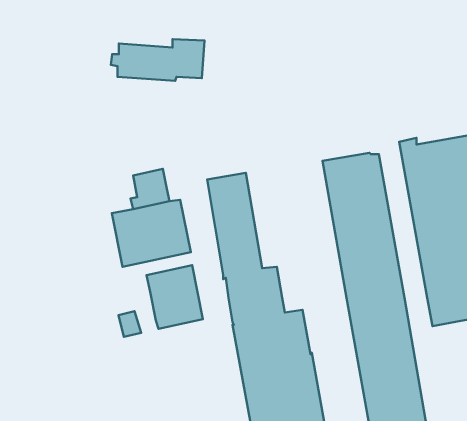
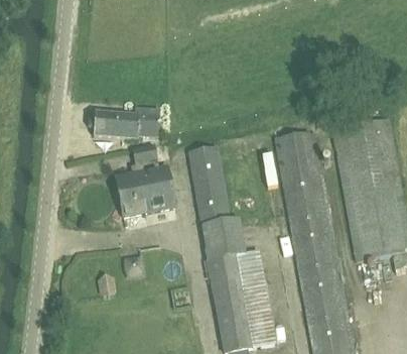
building: [111,39,205,81] -> [89,106,159,137]
building: [146,265,203,329] -> none

